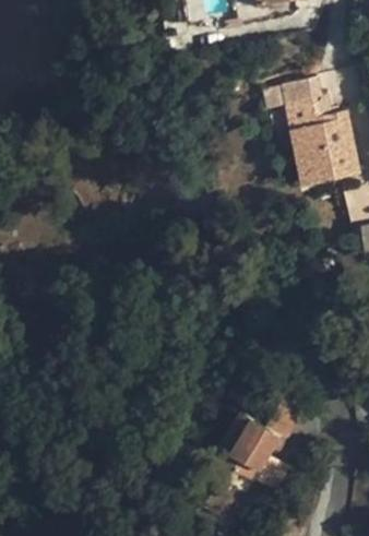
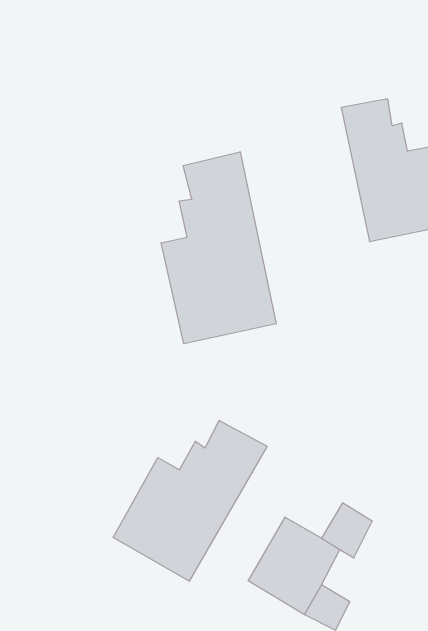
building: none -> [161,152,276,344]
building: none -> [113,420,267,581]

